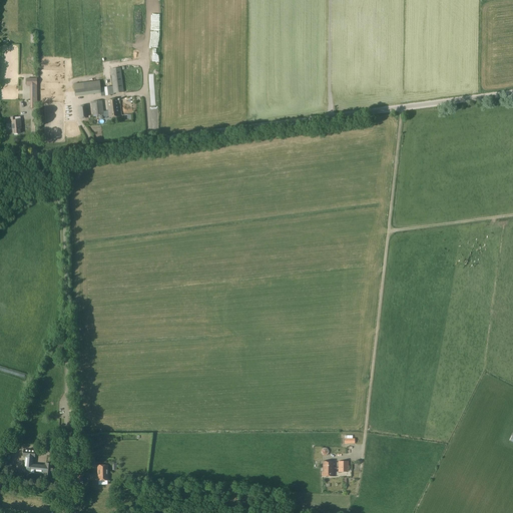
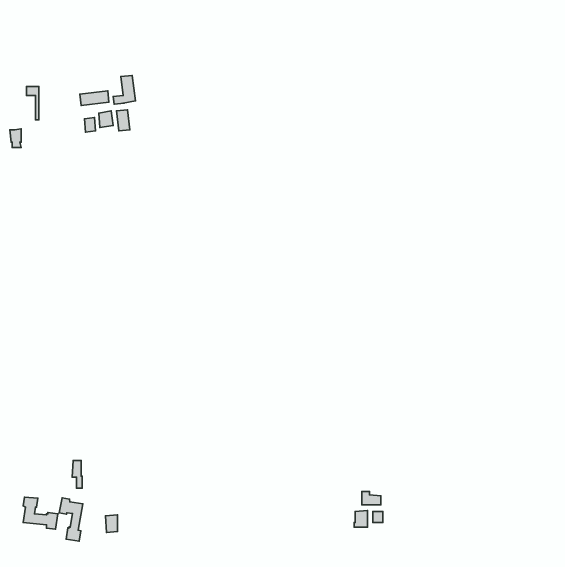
building: none -> [59,498,83,541]

